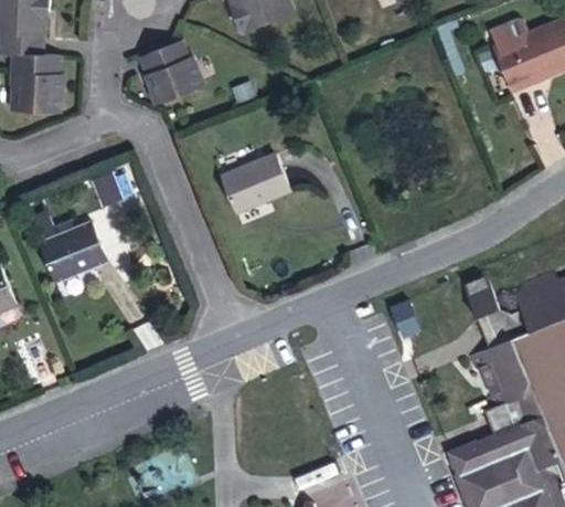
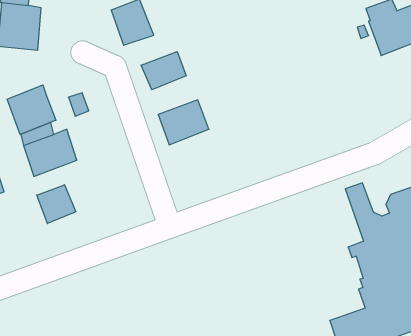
building: none -> [141,52,186,90]
building: none -> [7,85,56,135]
building: none -> [37,185,76,224]

